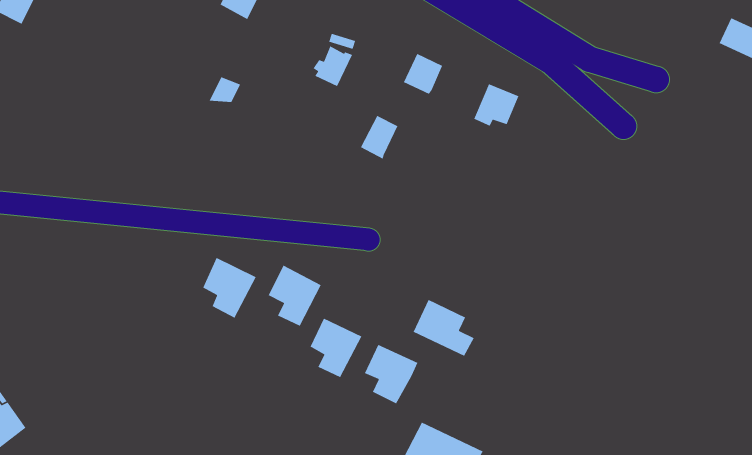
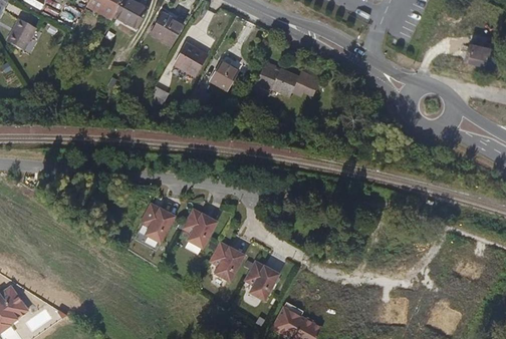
building: none -> [174,40,210,76]
building: [473,83,520,127] -> [290,69,320,97]
building: [360,115,399,160] -> [255,61,280,90]
building: [412,299,475,357] -> none

